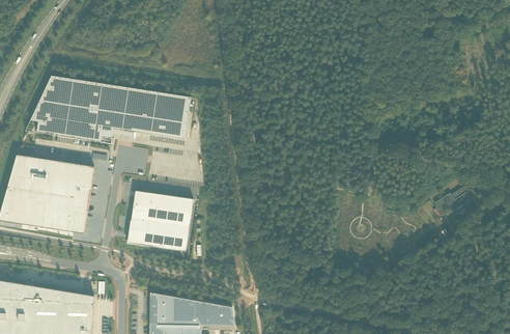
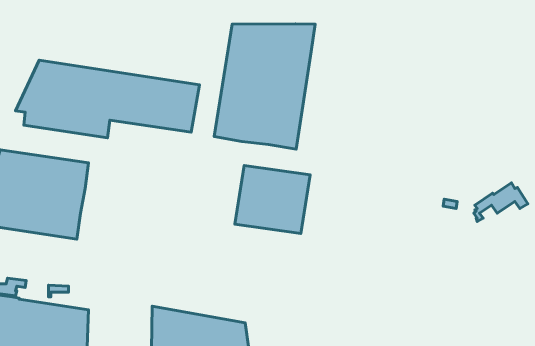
building: none -> [214,24,315,149]
building: [126,191,193,251] -> [235,165,310,234]

